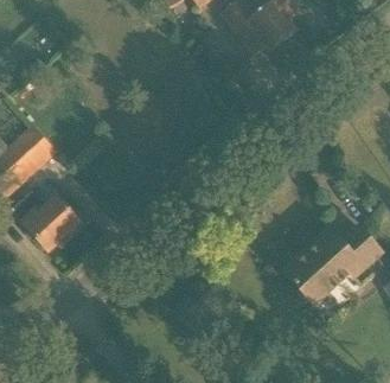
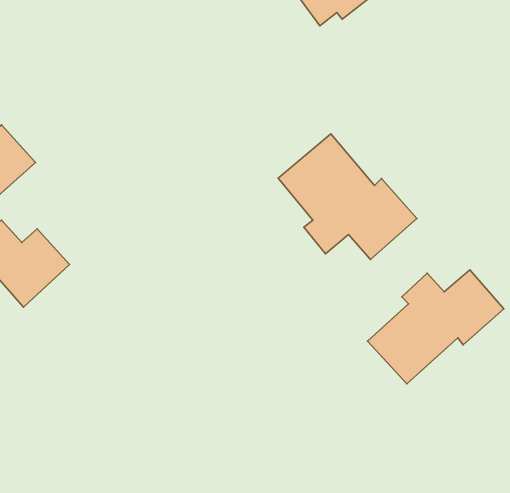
building: none -> [278,134,417,259]

